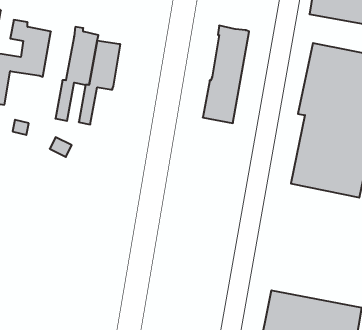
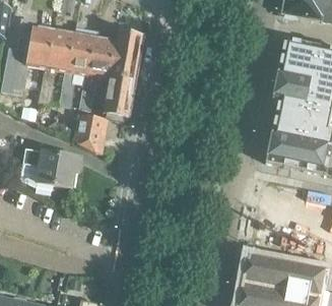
building: [203,26,249,123] -> [102,32,142,117]
building: none -> [39,28,75,103]
building: none -> [73,113,108,154]
building: none -> [20,147,80,188]

